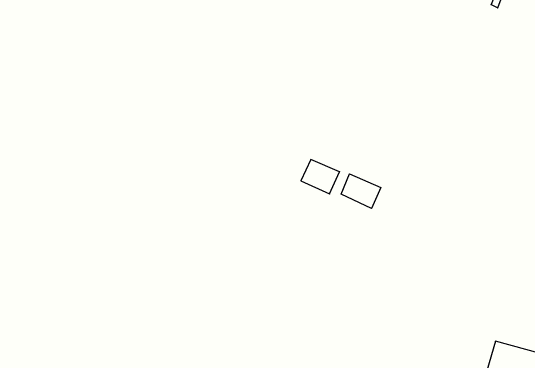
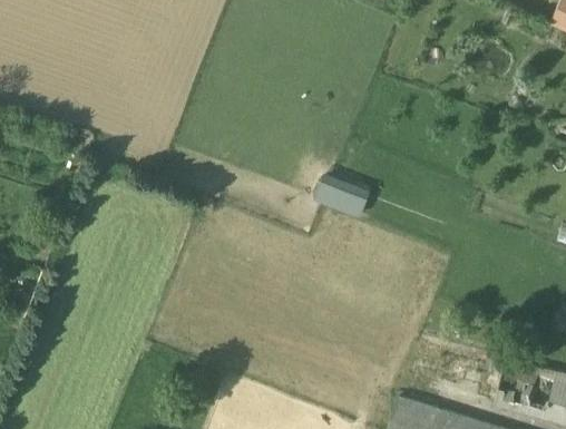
building: [341,174,381,208] -> none

